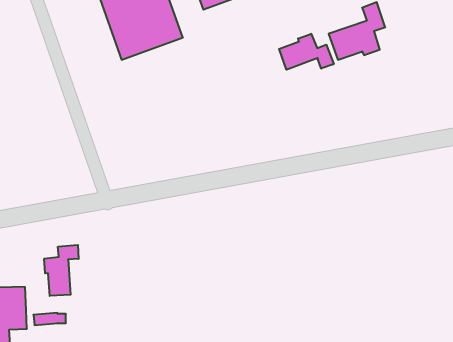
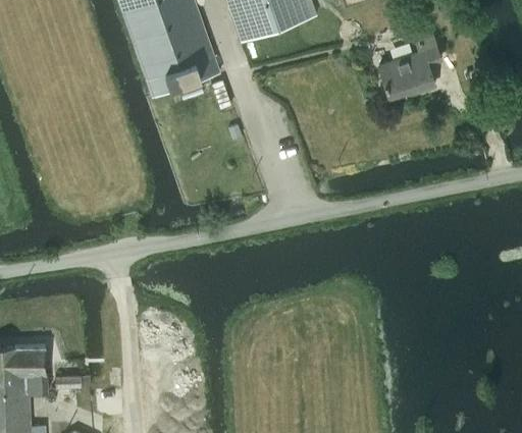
building: [279,34,334,70] -> none
building: [44,245,79,296] -> none

